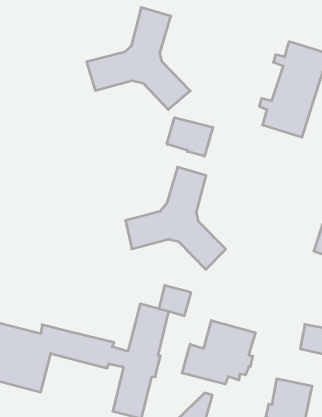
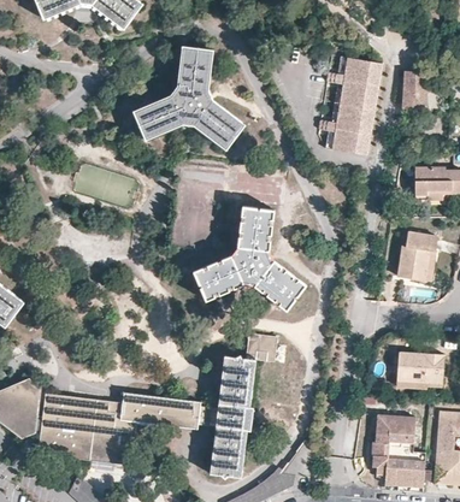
building: [167,118,213,156] -> none
building: [182,320,255,384] -> none

